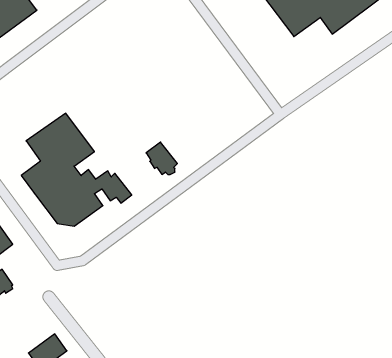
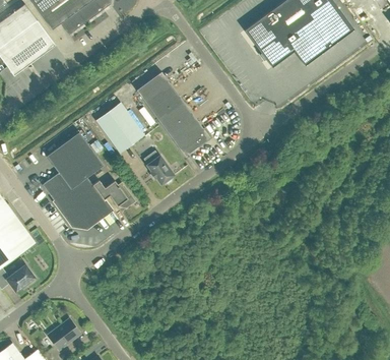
building: none -> [135,72,209,157]
building: none -> [95,103,144,154]

